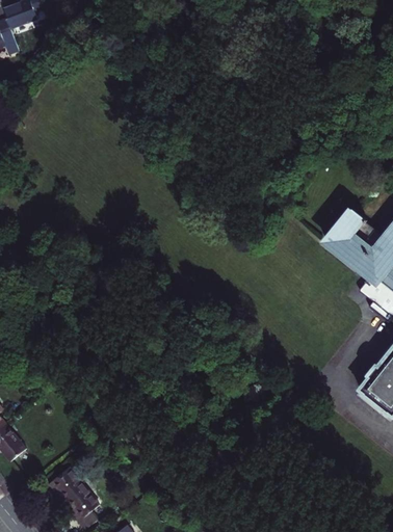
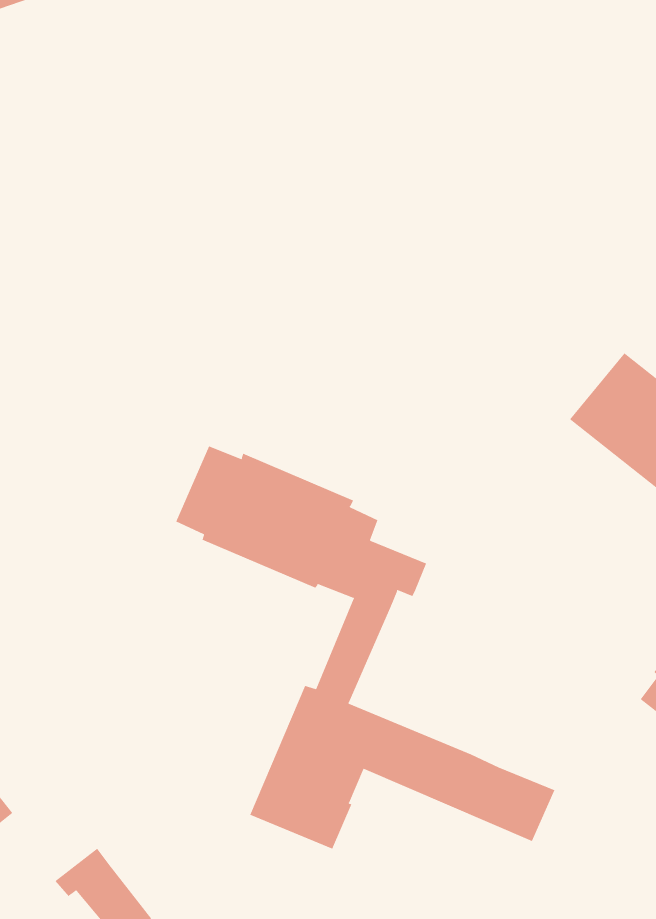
building: none -> [176,446,555,849]

